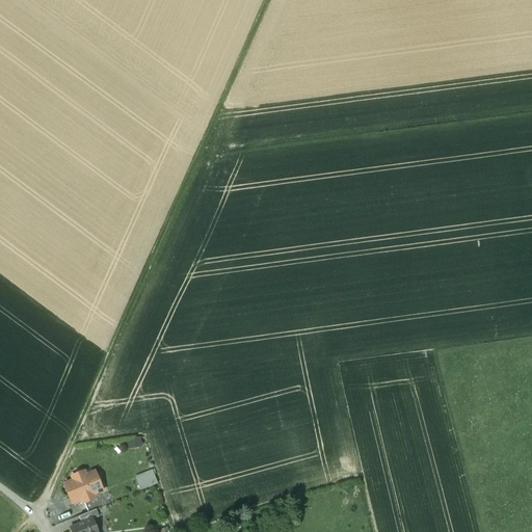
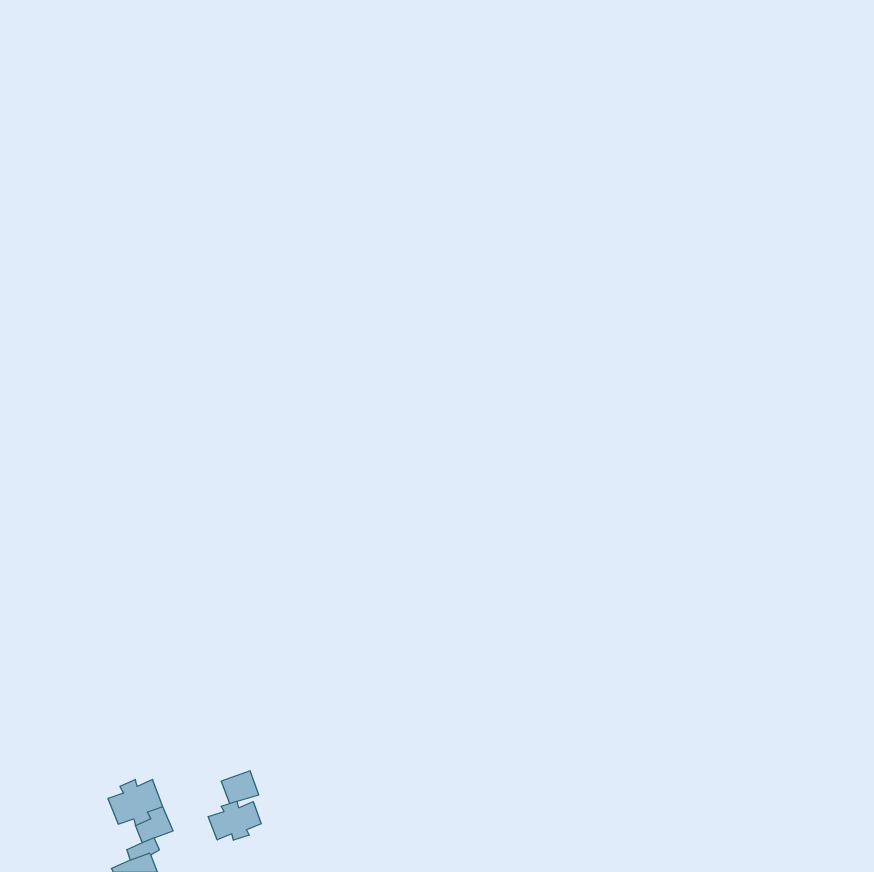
building: none -> [208,801,261,840]

